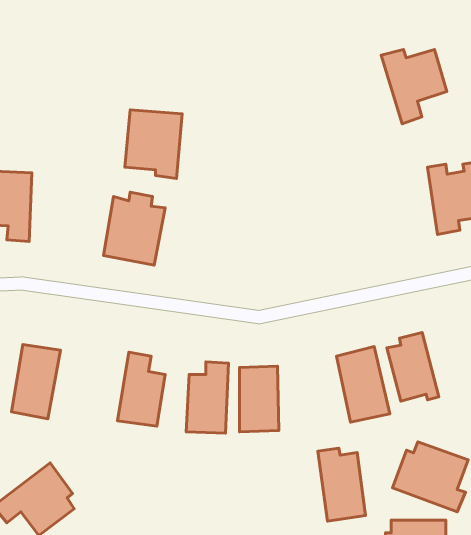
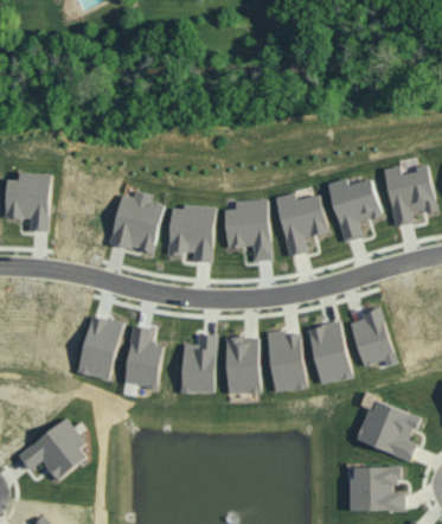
building: [381,49,447,124] -> [327,178,383,241]
building: [125,110,182,178] -> [167,204,216,262]
building: none -> [276,193,328,255]
building: none -> [225,198,271,261]
building: [11,345,61,419] -> [79,317,121,379]
building: [318,448,366,521] -> [267,330,307,391]

